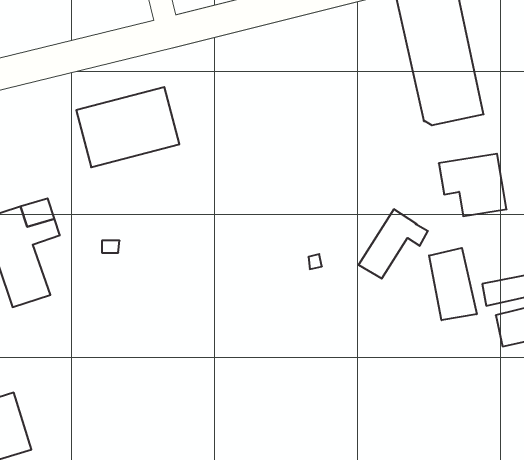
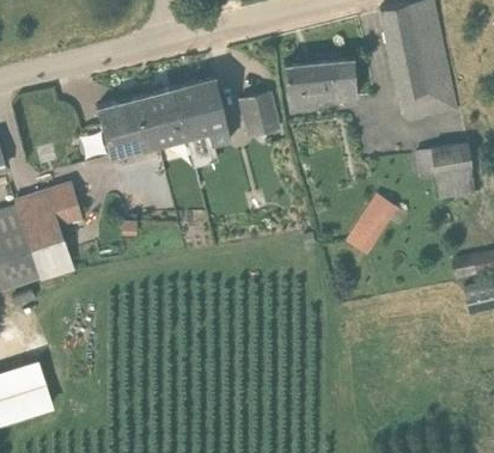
building: none -> [285,60,356,109]
building: none -> [175,78,231,147]
building: none -> [239,93,280,139]
building: [429,248,477,320] -> none

